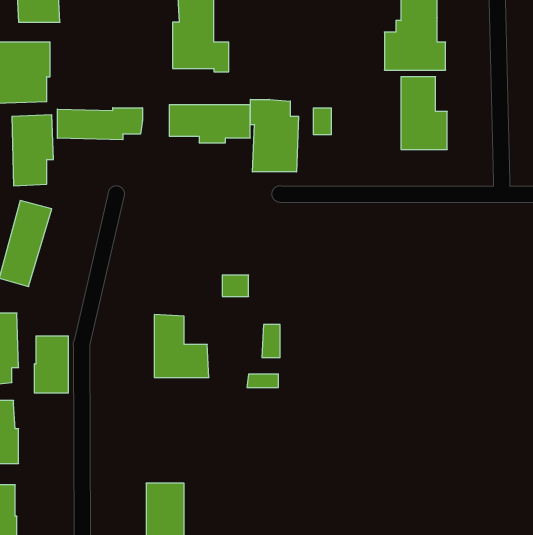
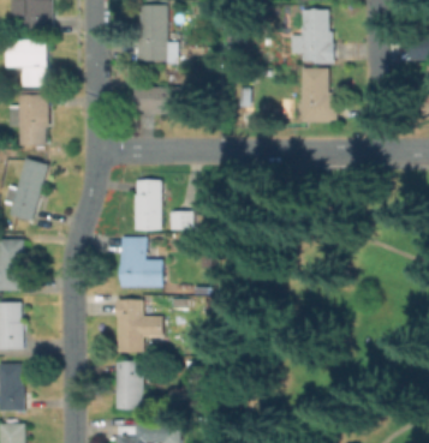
building: [250,99,299,172] -> none
building: [57,108,142,140] -> none
building: none -> [136,180,162,232]
building: [34,336,68,393] -> none
building: none -> [118,301,162,351]

